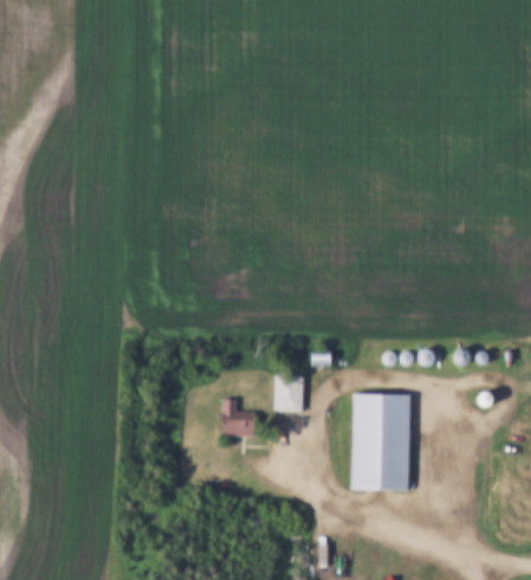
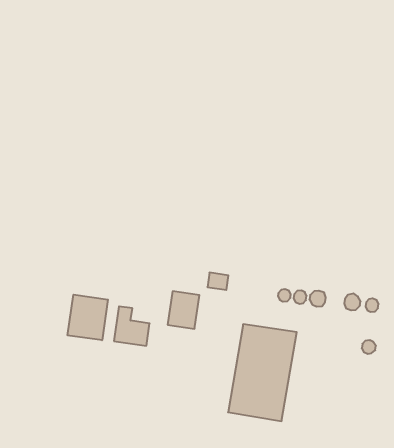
building: none -> [68,295,108,340]

